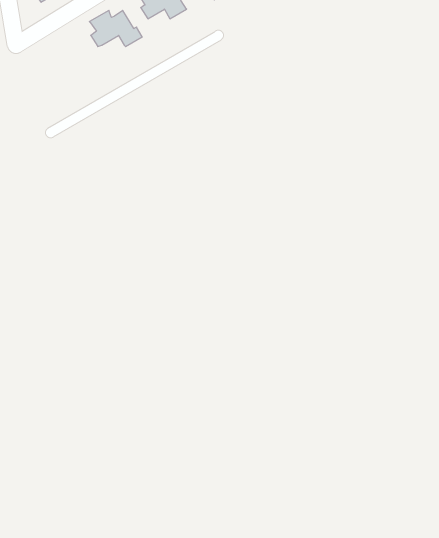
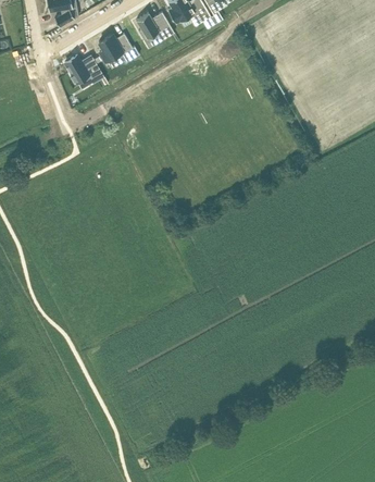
building: none -> [64,53,104,83]

